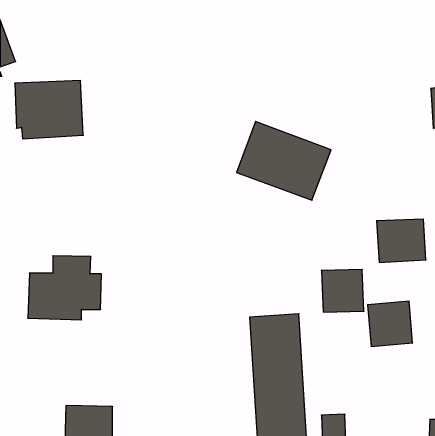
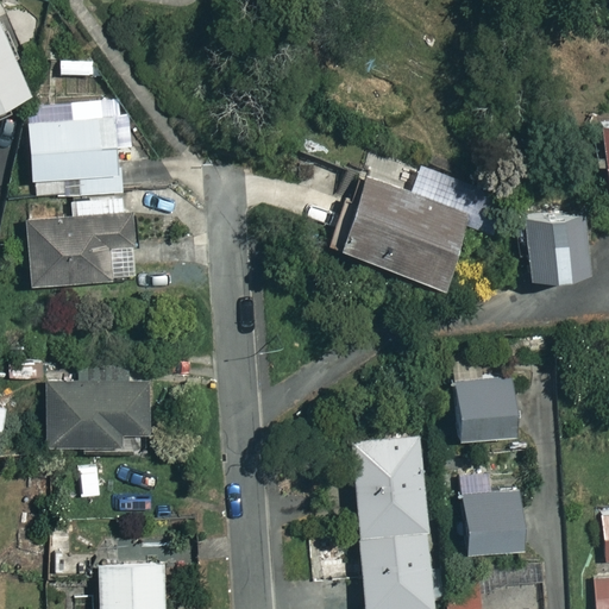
building: none -> [27,205,136,284]
building: [377,219,426,262] -> [525,218,592,277]
building: [368,301,413,346] -> [457,491,519,553]

